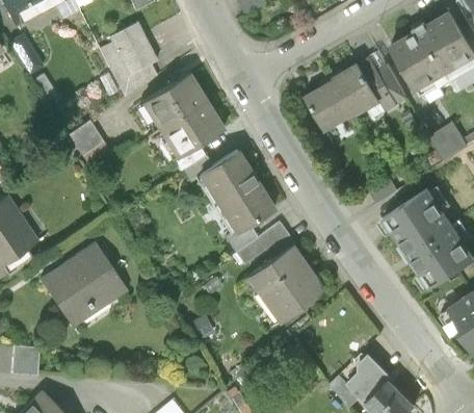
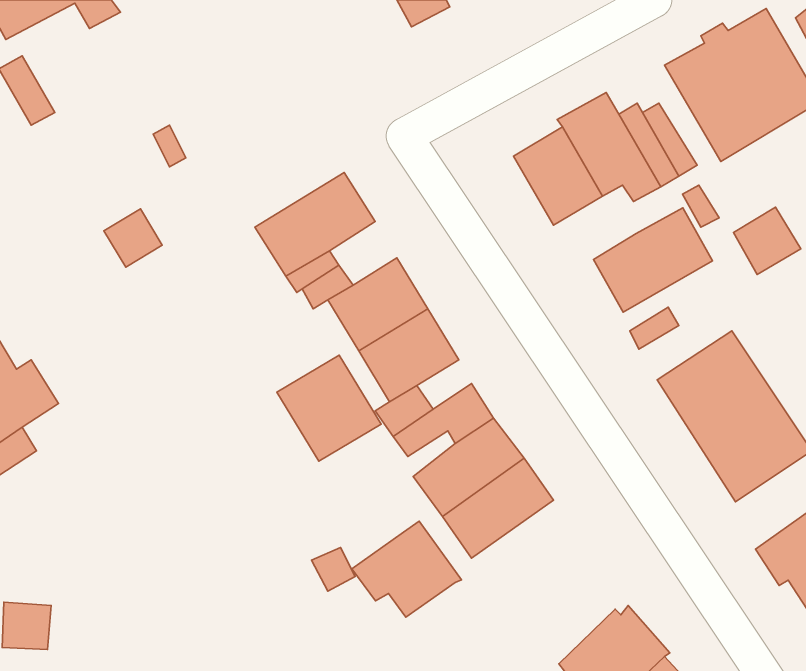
building: [102,21,160,96] -> none
building: [138,73,207,133] -> none
building: none -> [593,208,713,312]
building: none -> [277,355,381,461]
building: [38,243,126,328] -> none
building: none -> [352,521,462,617]

